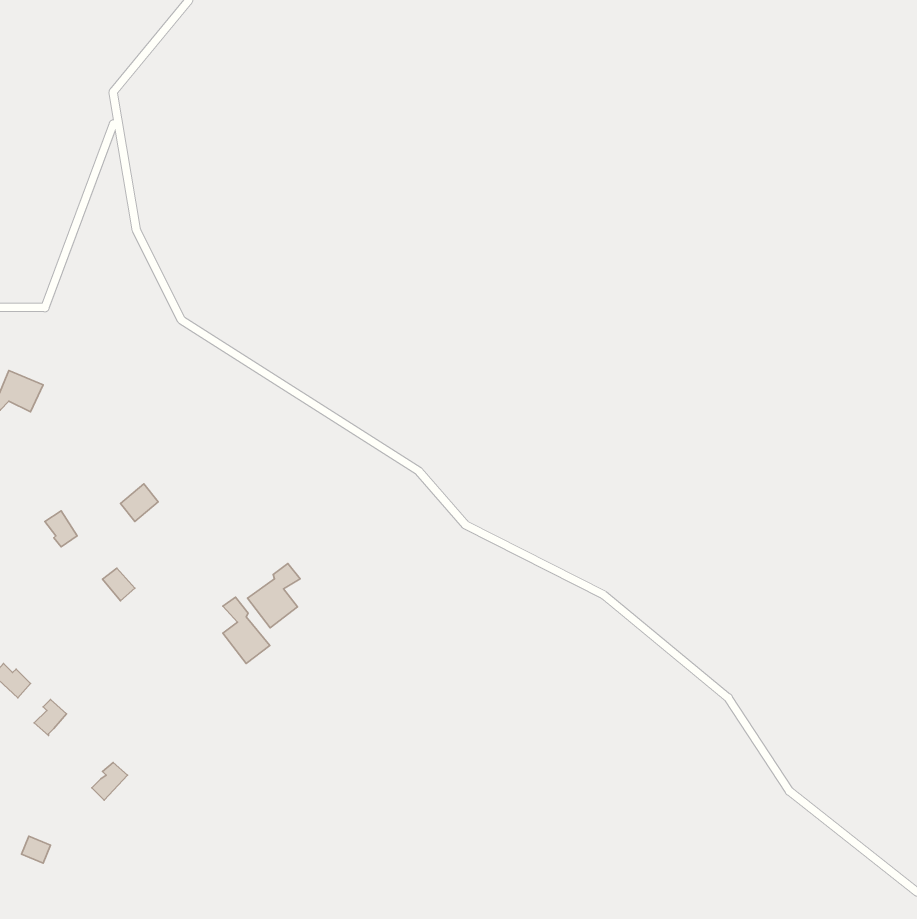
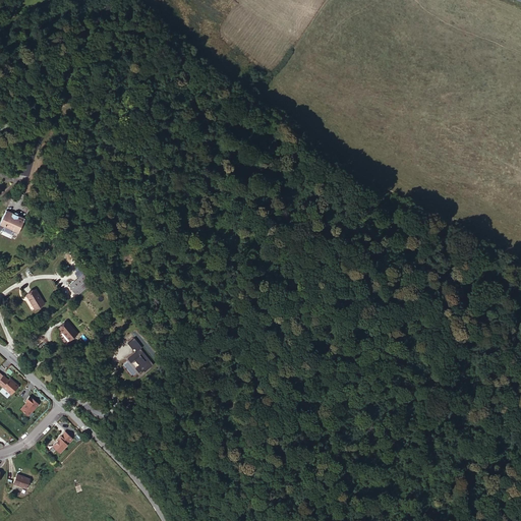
building: [247,563,300,628] -> none

